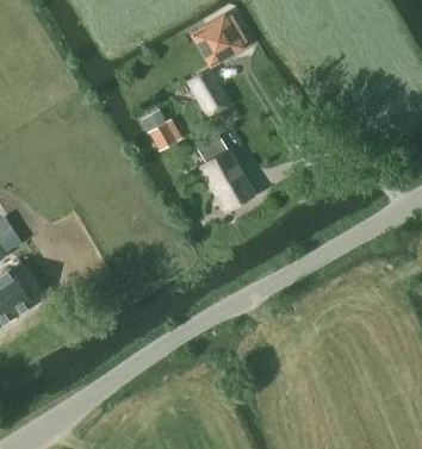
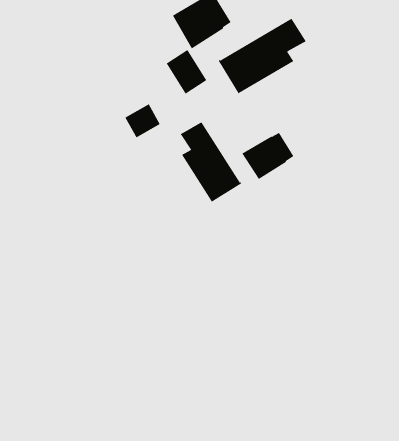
building: none -> [218,18,307,95]
building: none -> [241,132,294,180]

